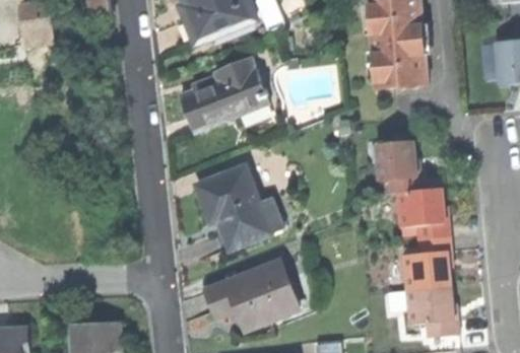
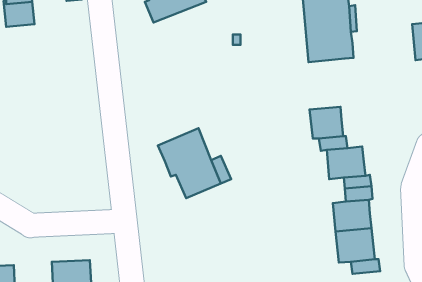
building: [180,57,268,132] -> none
building: [206,261,298,330] -> none

